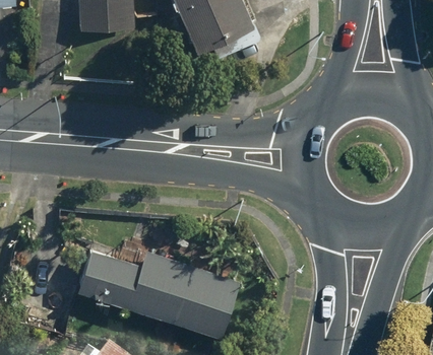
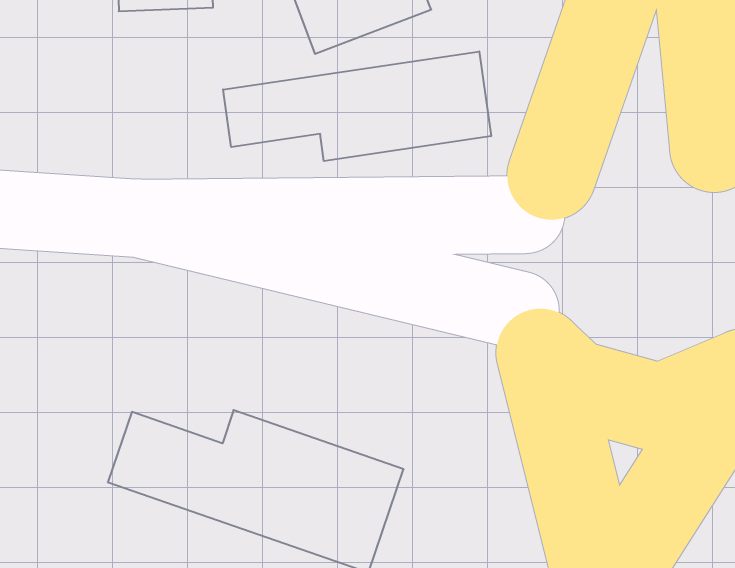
building: none -> [223,51,491,161]

